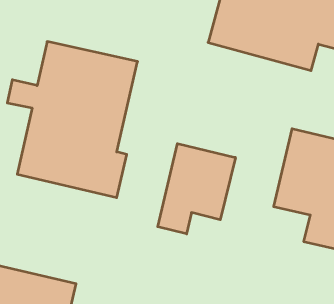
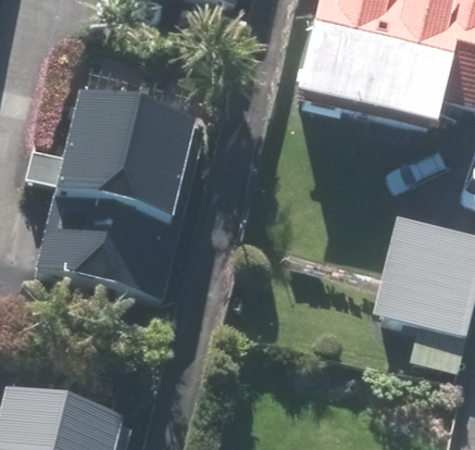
building: [158,144,235,234] -> none

